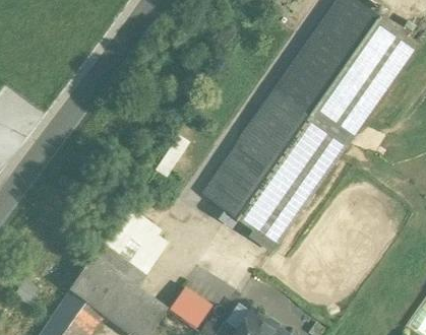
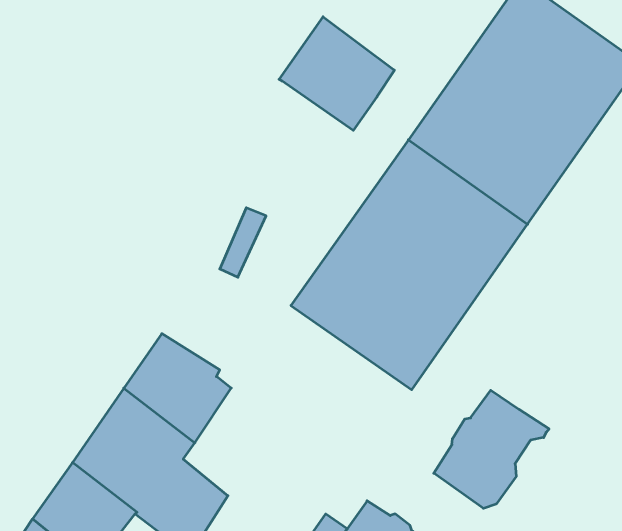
building: none -> [279,17,394,130]
building: none -> [434,390,549,508]
building: [169,285,212,328] -> none

